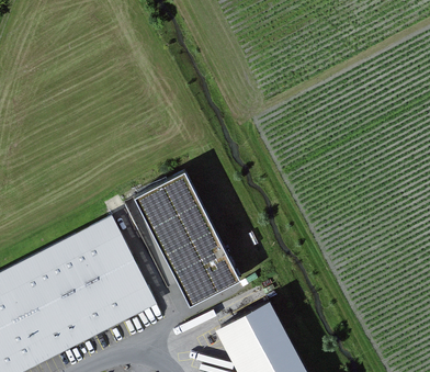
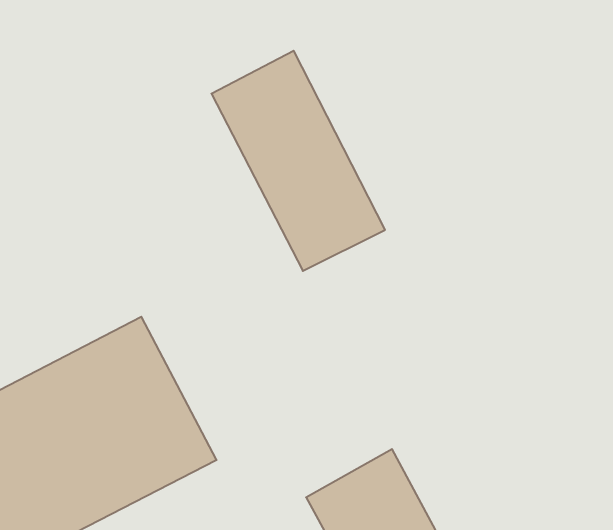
building: [129,172,236,307] -> [211,51,385,271]

